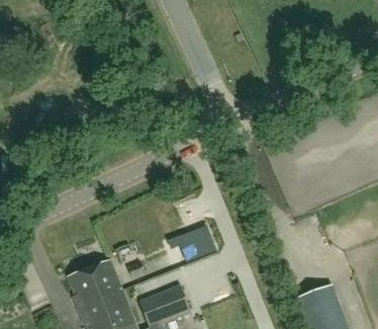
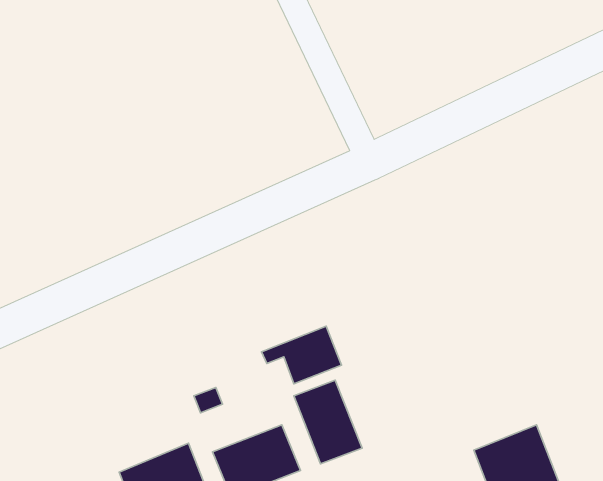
building: none -> [294,380,362,464]
building: [68,259,124,312] -> none

